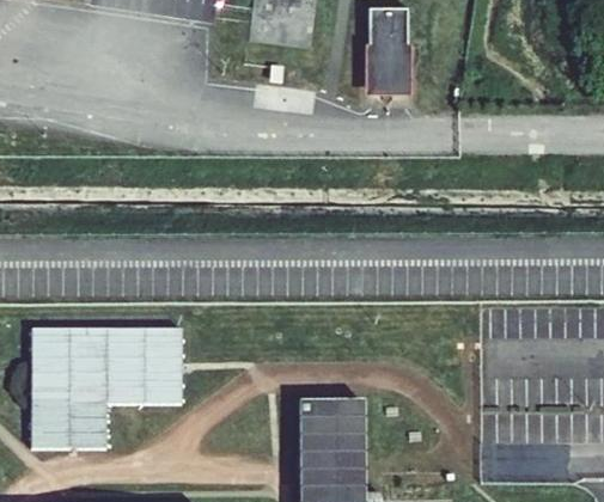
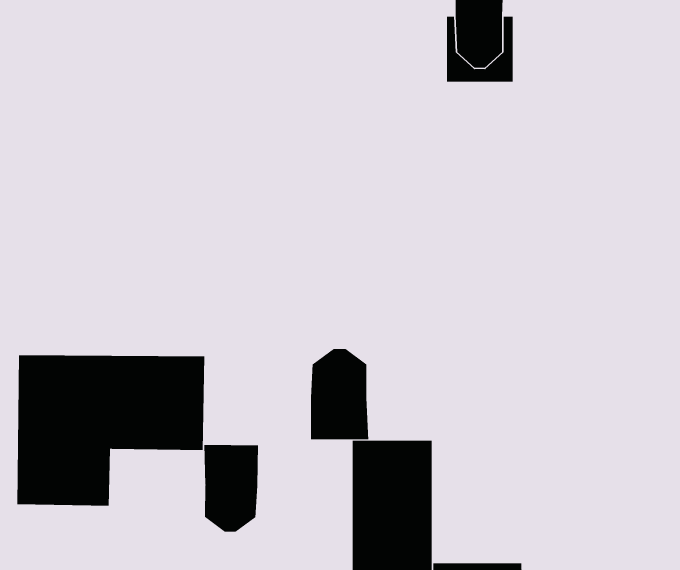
building: none -> [310,348,369,440]
building: none -> [204,444,258,533]

